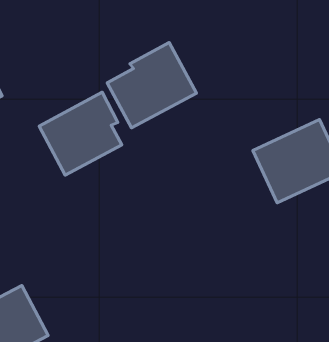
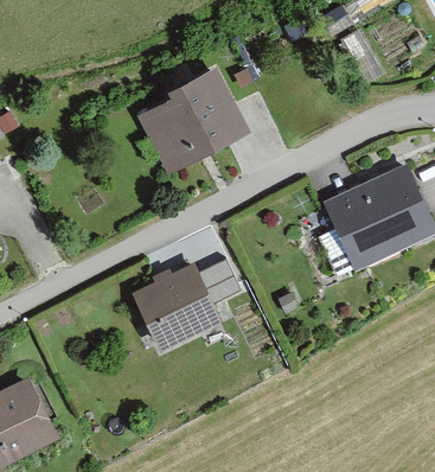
building: [39,92,122,175] -> none
building: none -> [130,257,242,352]

